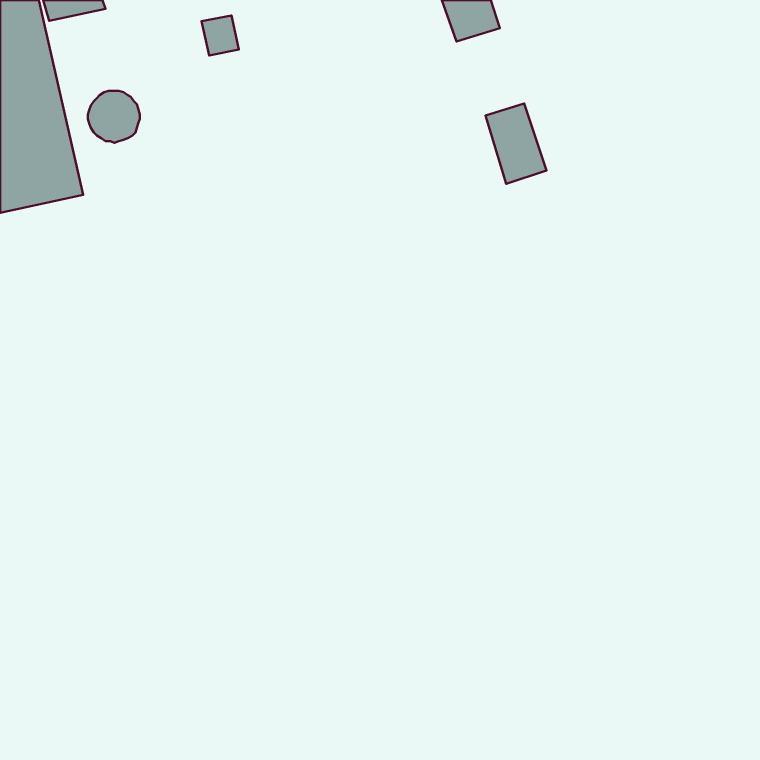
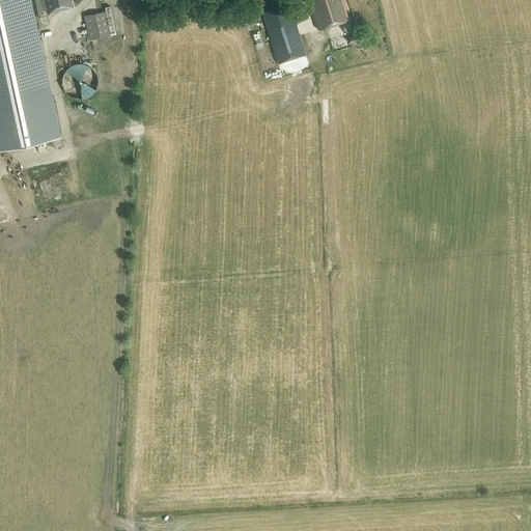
building: [202,15,239,56] -> [84,11,110,39]
building: [485,104,546,184] -> [263,7,306,63]

